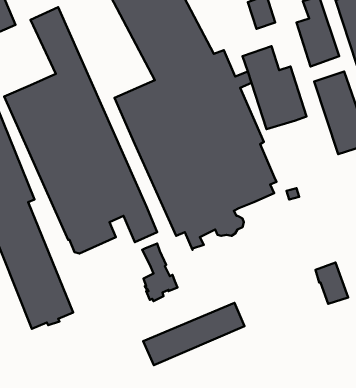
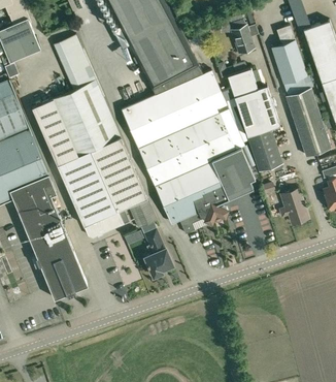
building: none -> [246,128,282,171]
building: [315,262,348,304] -> [281,189,308,223]
building: [143,303,244,365] -> none

